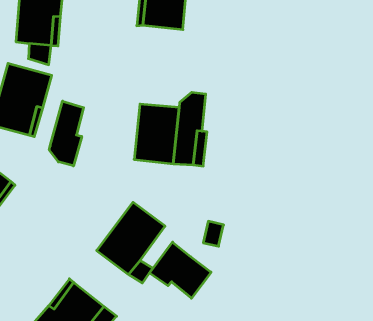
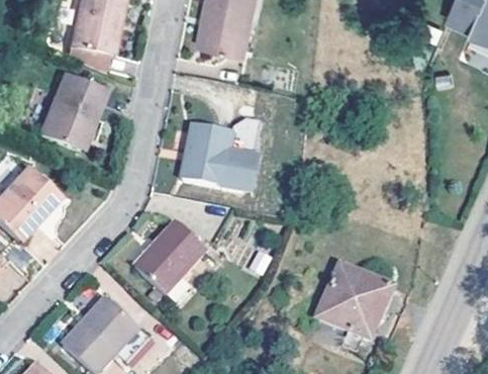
building: [49,101,84,166] -> none
building: none -> [314,266,390,352]
building: [149,242,211,298] -> none

